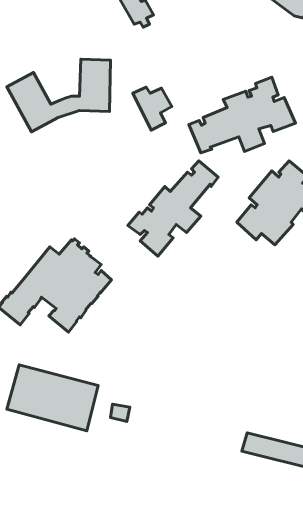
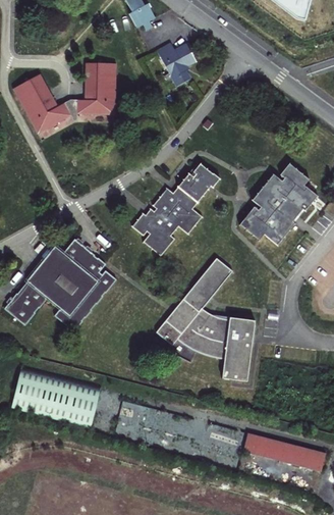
building: [189,77,296,153] -> none
building: [133,87,172,130] -> [159,43,198,86]
building: none -> [155,258,254,382]

